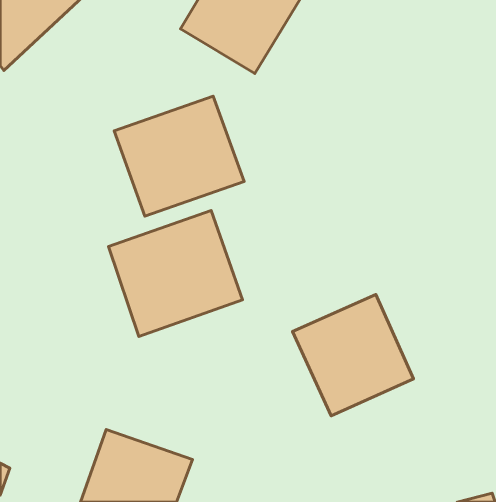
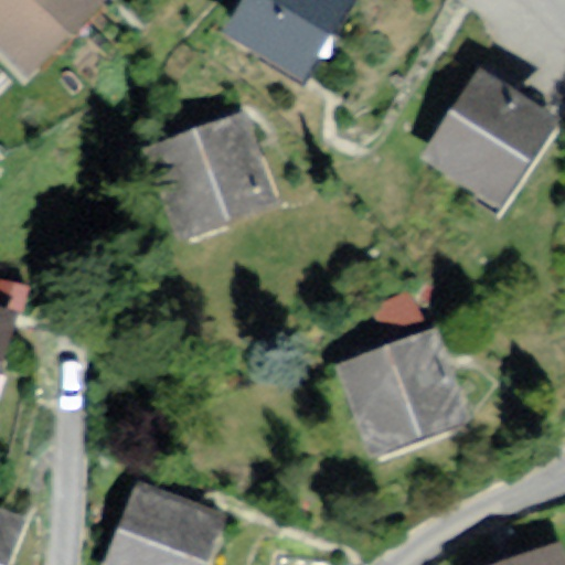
building: none -> [419,67,557,207]
building: [109,211,242,336] -> none

